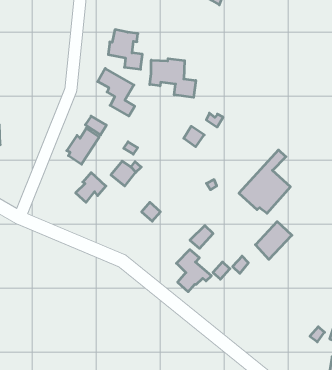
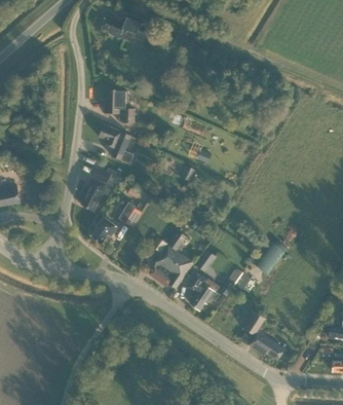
building: [150,59,196,97] -> none
building: [239,150,290,213] -> [149,231,193,288]
building: none -> [242,310,284,360]

